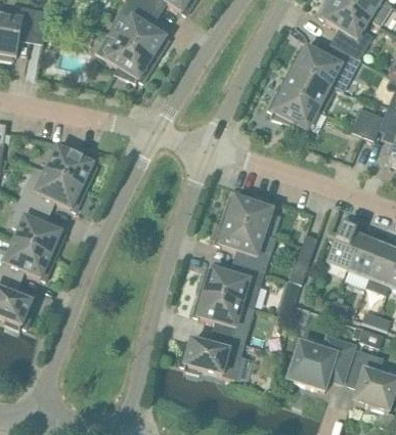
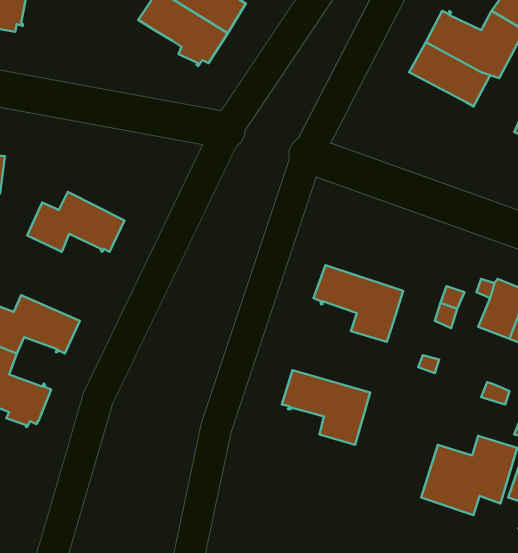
building: [269,86,319,128] -> none
building: [47,146,97,187] -> none
building: [223,191,272,231] -> none
building: [9,198,64,256] -> none
building: [201,263,265,305] -> none
building: [180,334,244,377] -> none

